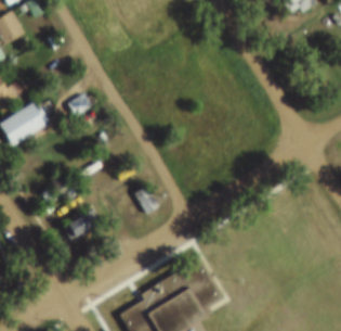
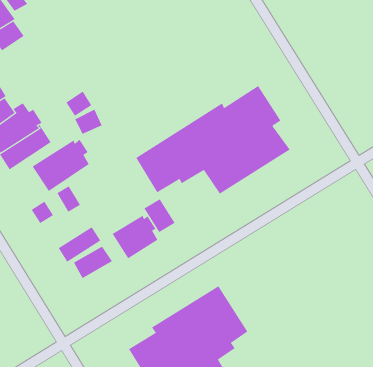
building: none -> [135,85,290,194]
building: none -> [32,139,90,192]
building: none -> [112,215,158,259]

